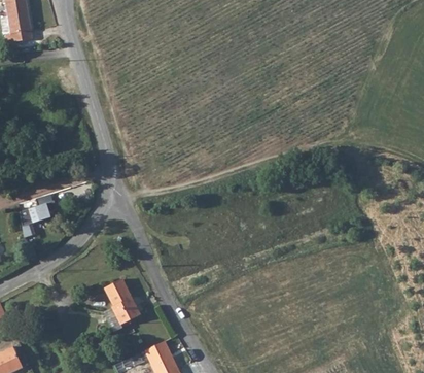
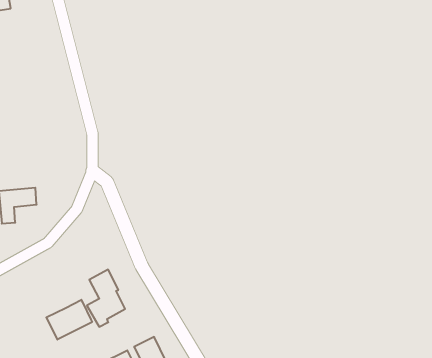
building: none -> [46,300,92,340]

